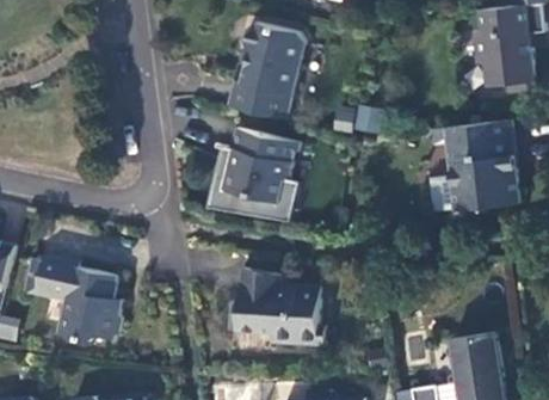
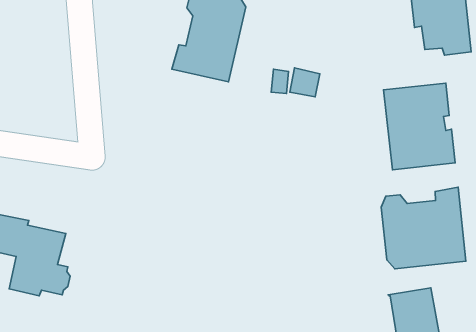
building: [220,128,294,203] -> none
building: none -> [381,187,466,269]
building: [228,267,323,344] -> none

